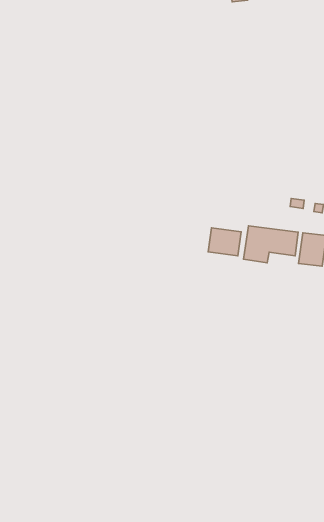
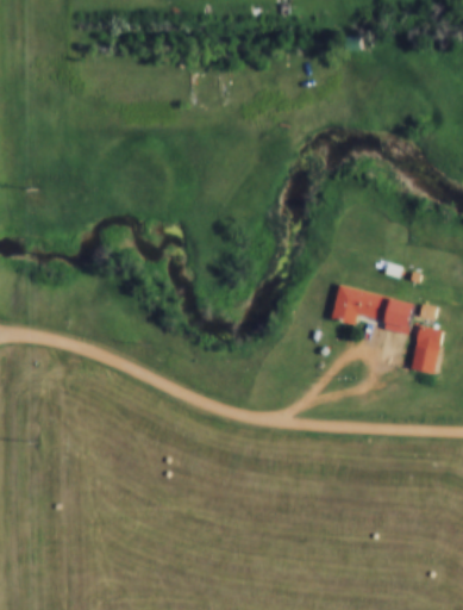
building: [208,228,241,256] -> none

